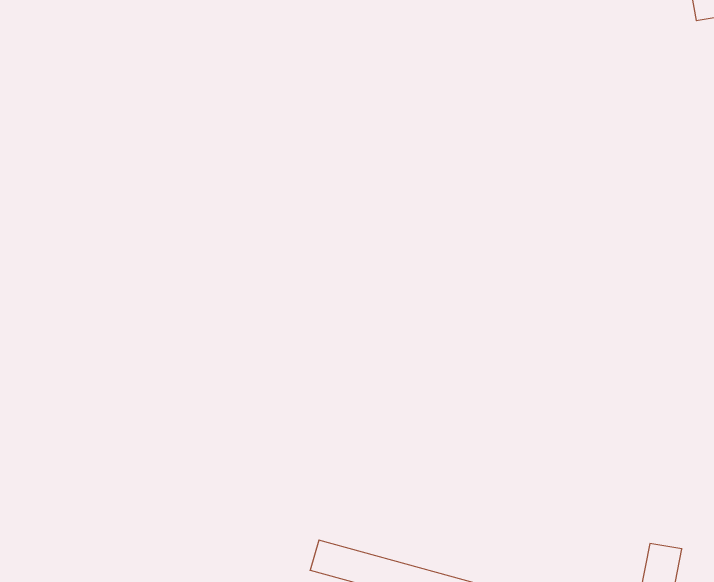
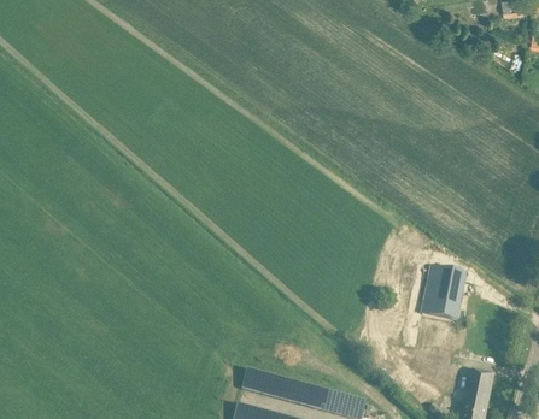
building: none -> [424,266,467,308]

